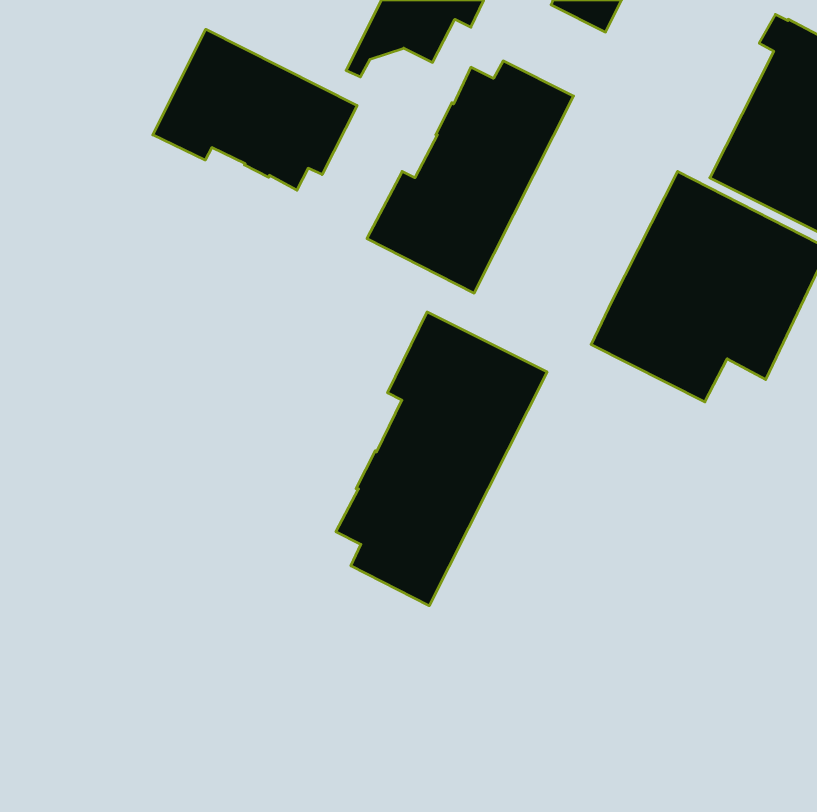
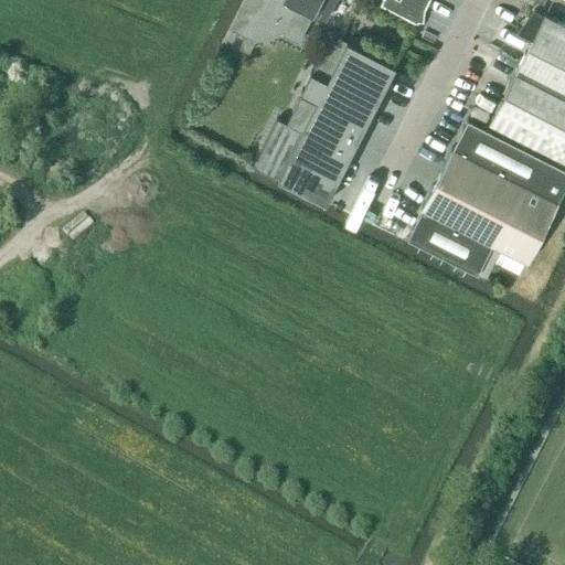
building: [153,29,357,190] -> none
building: [336,312,547,606] -> none

